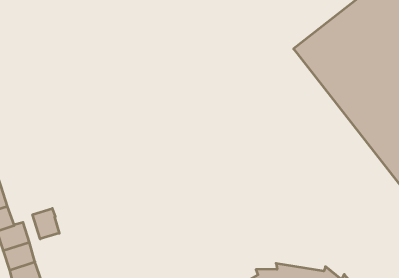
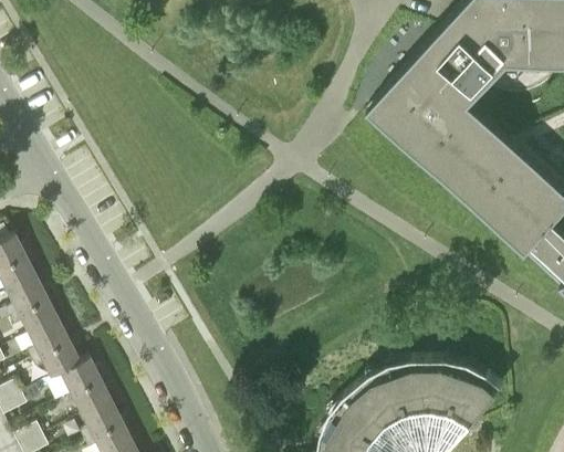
building: [33,208,59,239] -> none

